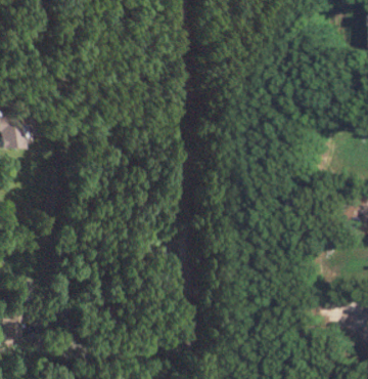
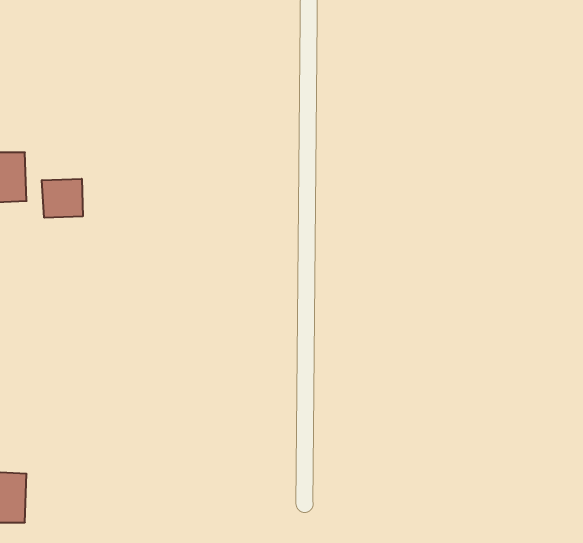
building: none -> [42,179,83,218]

